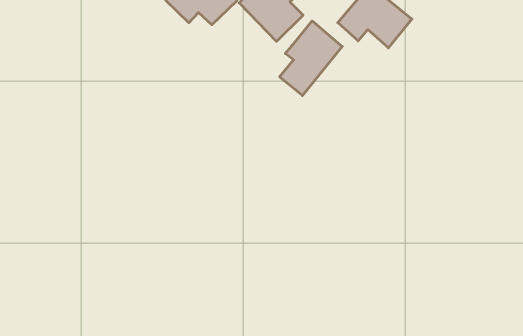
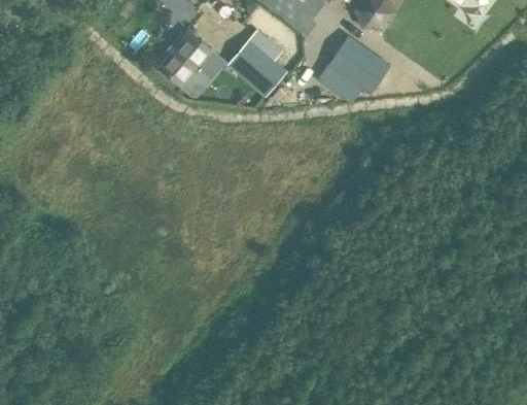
building: [280,21,342,96] -> none

